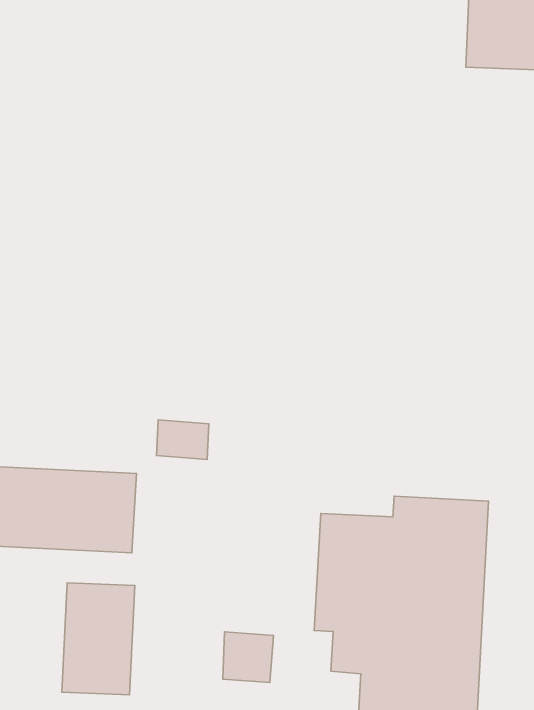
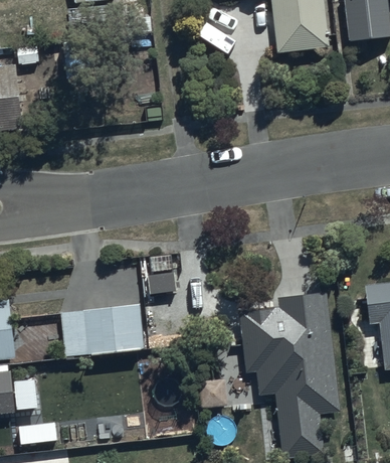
building: [62,583,135,695] -> none

